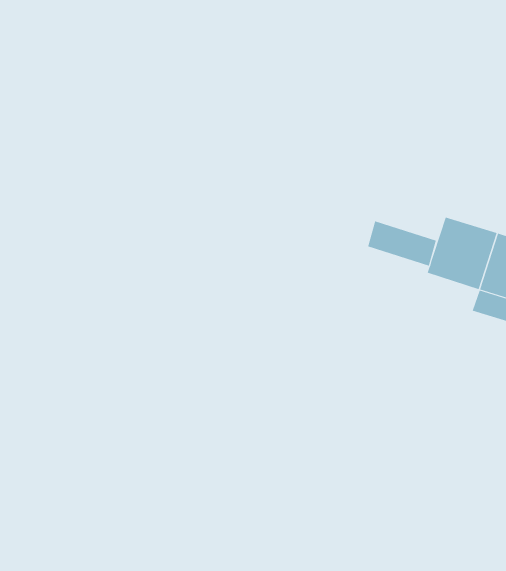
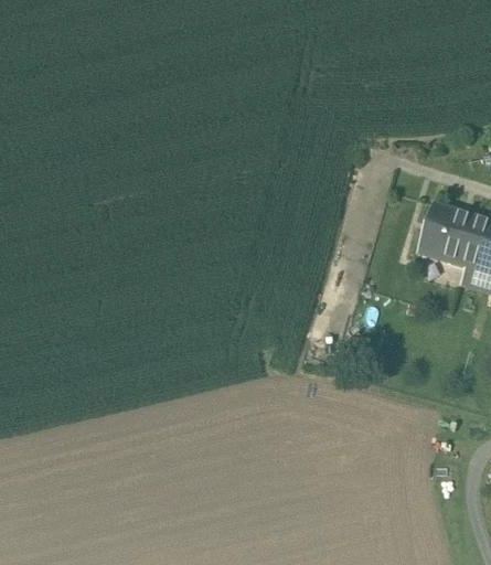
building: [367,220,437,266] -> none

